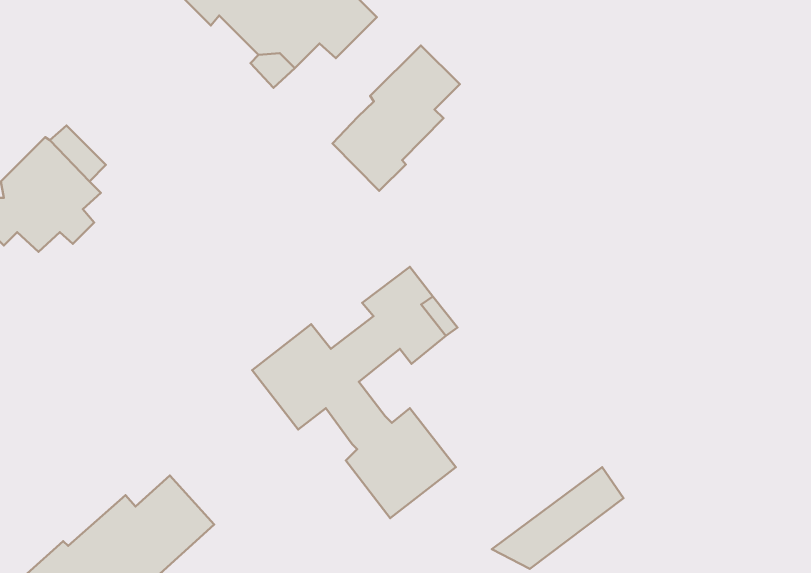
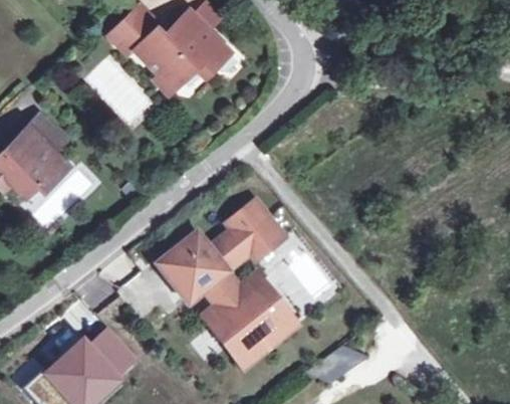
building: [333,45,460,191] -> none
building: none -> [205,277,294,365]

